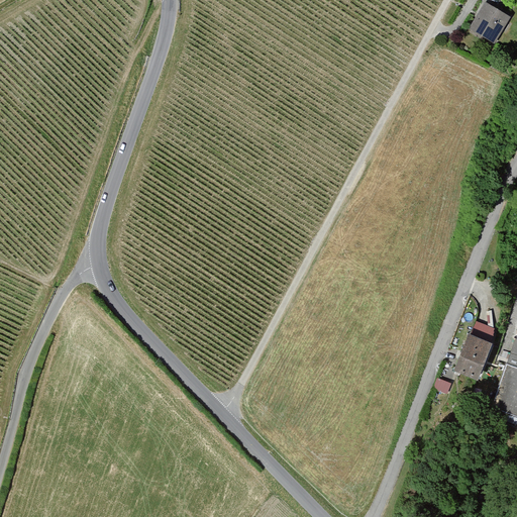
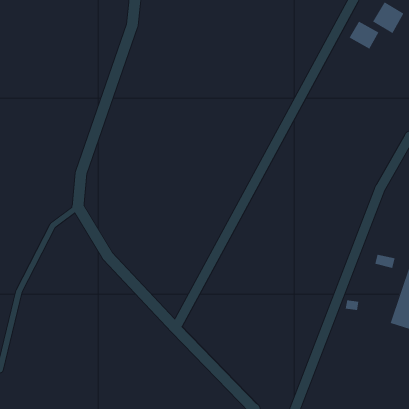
building: none -> [349,21,379,50]
building: [454,333,494,379] -> none

